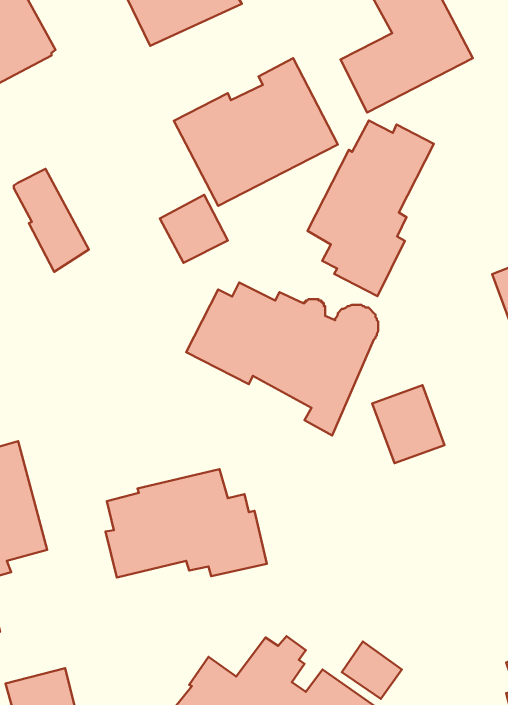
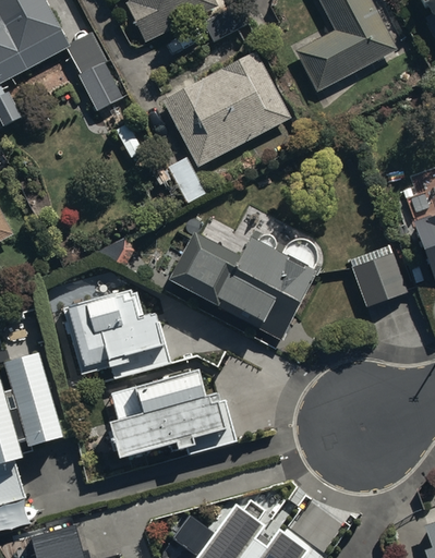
building: [307,121,434,296] -> none
building: [14,169,89,272] -> [65,33,124,113]
building: none -> [63,287,169,376]
building: [372,385,445,463] -> [348,245,404,306]

